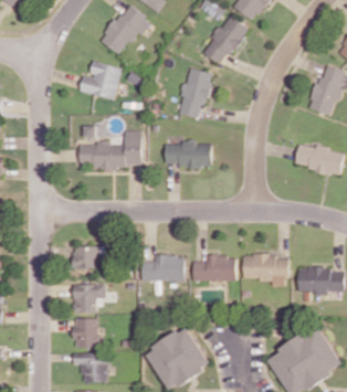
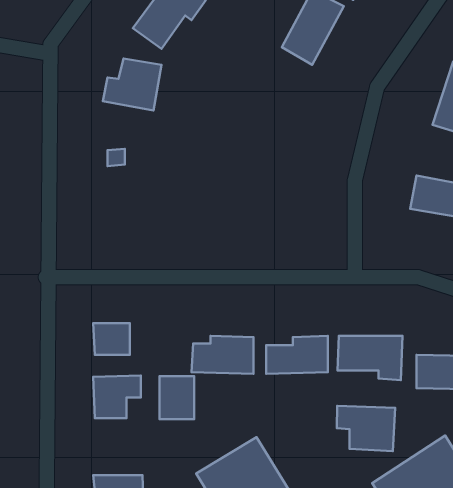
building: [178,67,212,118] -> none
building: [80,130,143,167] -> none
building: [165,141,212,167] -> none
building: none -> [337,406,395,451]
building: [74,318,98,348] -> [159,376,194,419]

